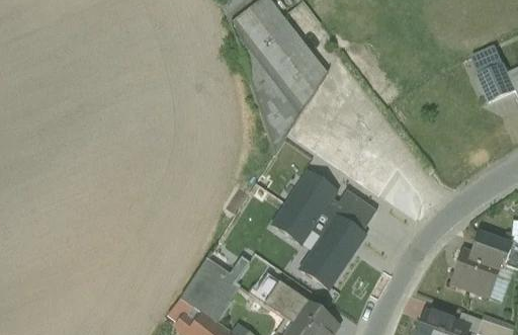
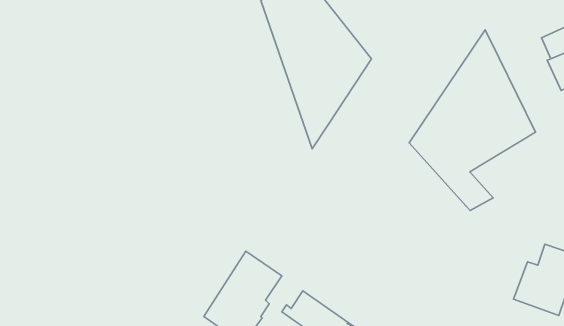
building: none -> [409,30,535,211]
building: [272,169,376,285] -> none

